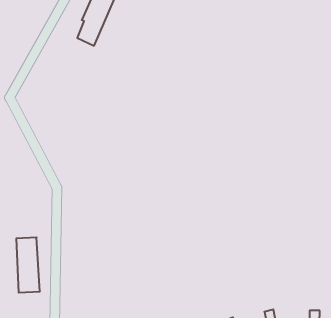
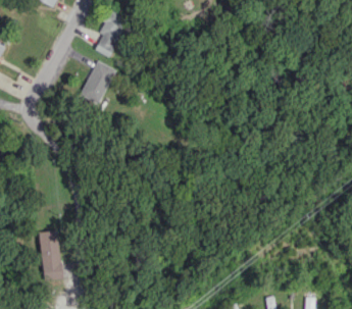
building: none -> [81,62,114,105]

